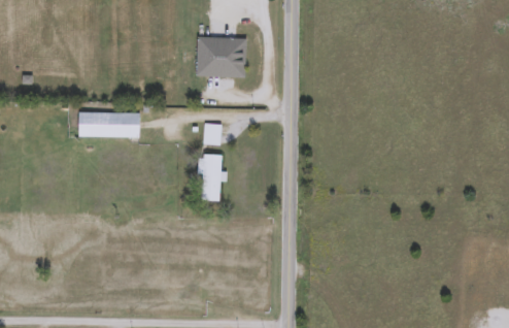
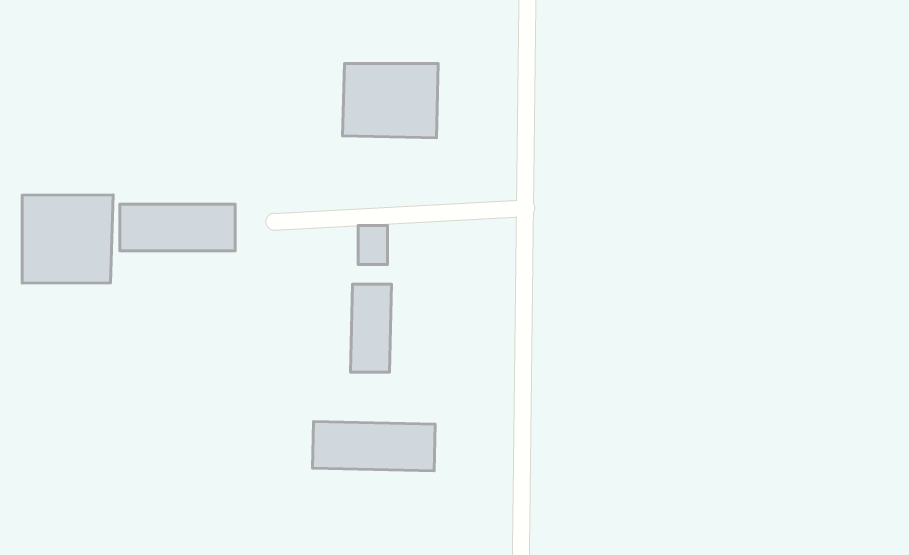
building: none -> [22,195,113,283]
building: none -> [313,421,435,471]

